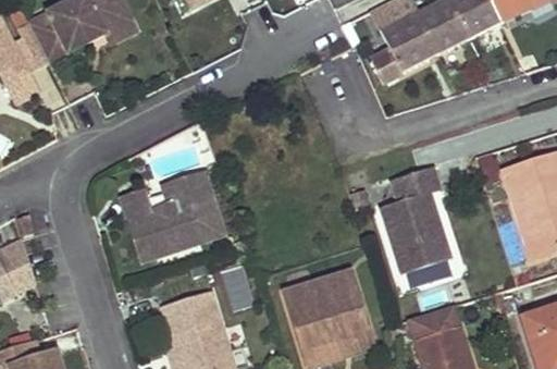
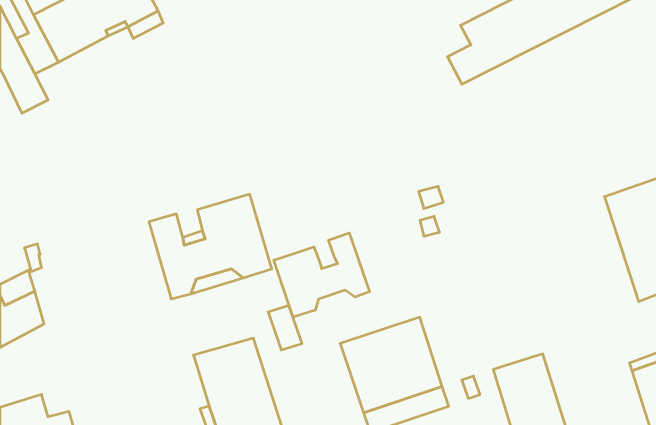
building: [379,167,449,274] -> none
building: none -> [274,233,370,317]

